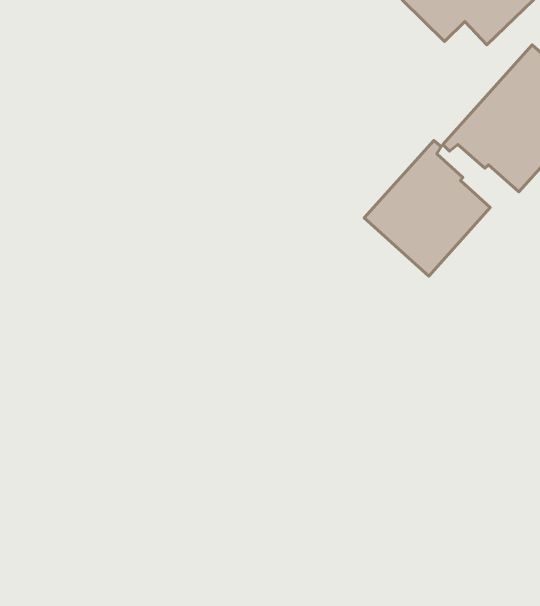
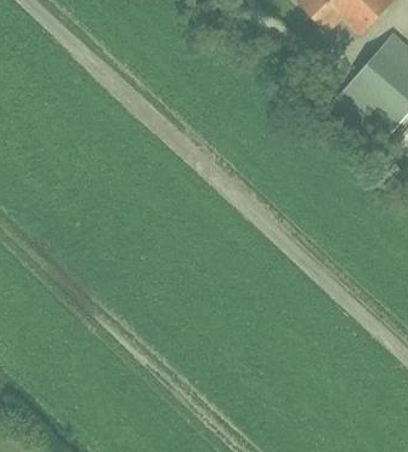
building: [364,140,490,276] -> none

